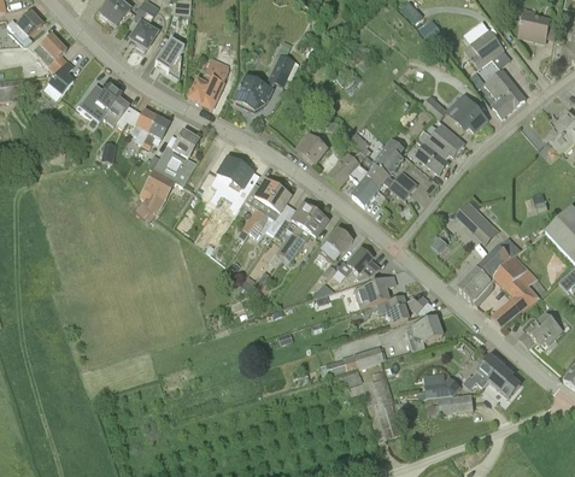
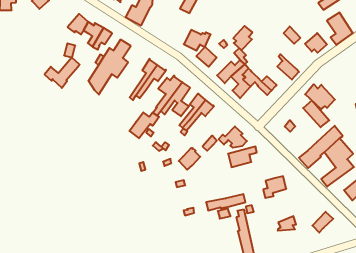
building: [234,78,272,108] -> [184,30,211,51]
building: [70,83,121,129] -> [45,58,80,88]
building: [419,120,464,157] -> [305,84,335,109]
building: [376,137,404,173] -> [233,26,252,50]
building: [319,228,351,260] -> [179,148,200,170]
building: none -> [129,112,159,138]
building: [386,294,427,323] -> none
building: [462,354,501,388] -> none
building: [427,393,474,413] -> none

